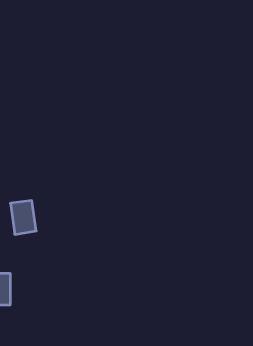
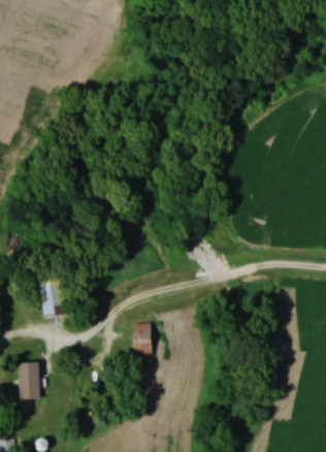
building: none -> [132,322,152,357]

